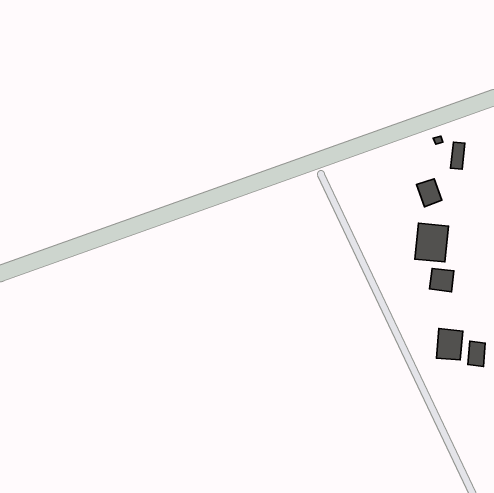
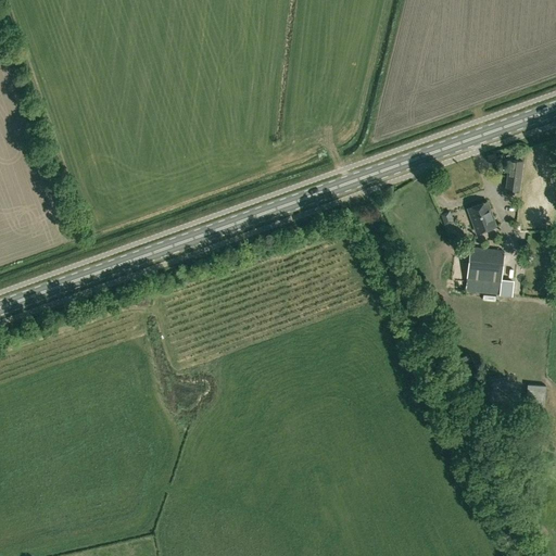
building: [430,269,454,292] -> none
building: [436,328,463,360] -> none

